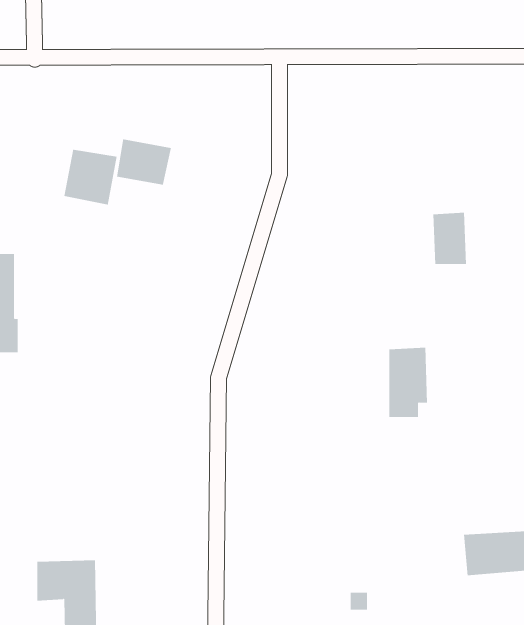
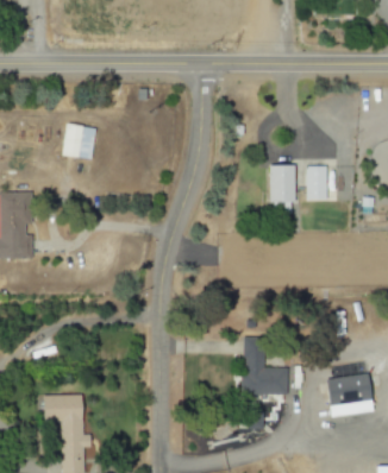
building: [116,138,171,186] -> none
building: [388,347,428,417] -> [270,164,296,210]
building: none -> [242,347,288,393]

